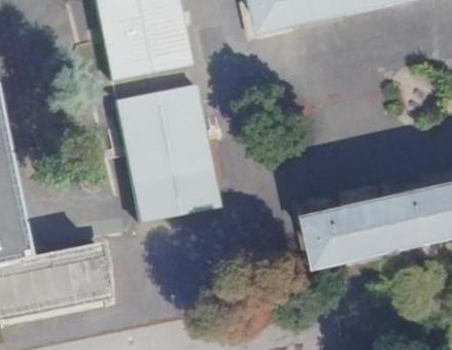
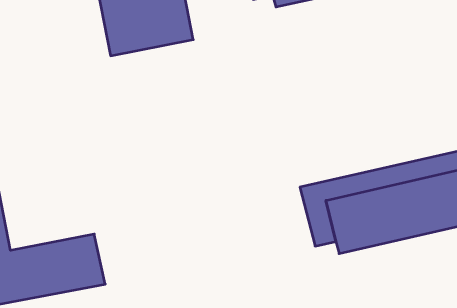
building: [120,83,221,221] -> none

